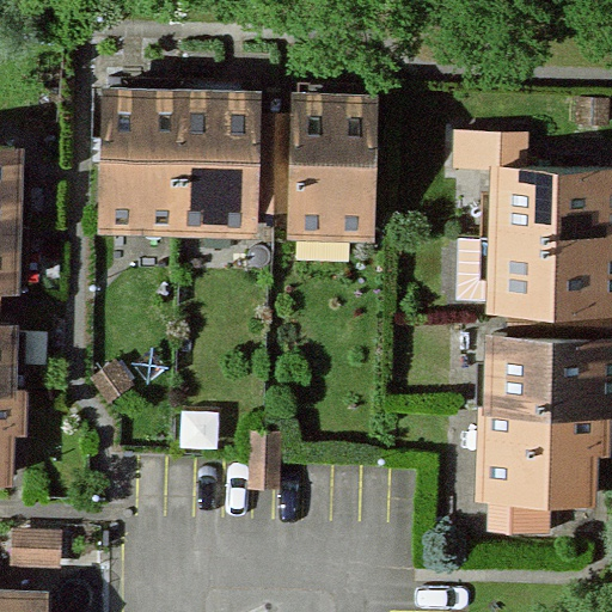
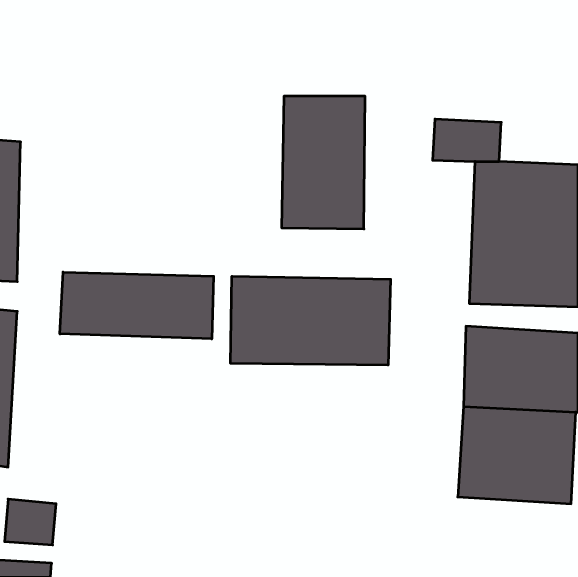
building: [100,92,263,235] -> none
building: none -> [60,272,214,339]
building: none -> [231,276,391,365]

